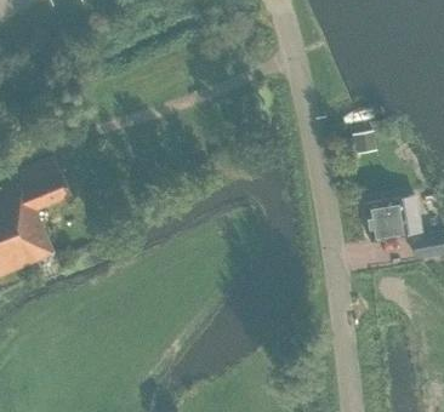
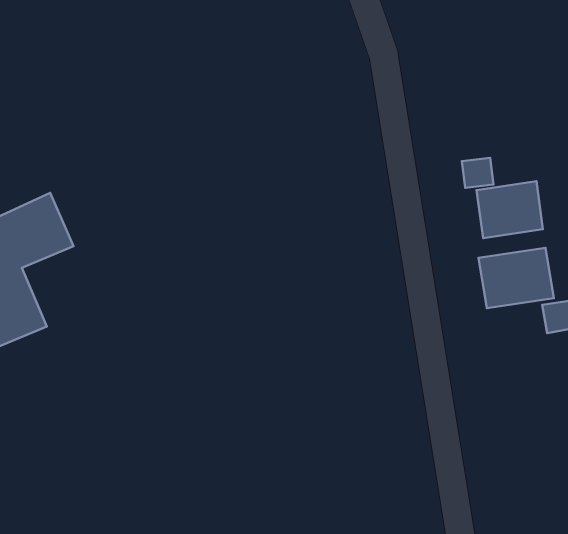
building: none -> [477,181,543,238]

